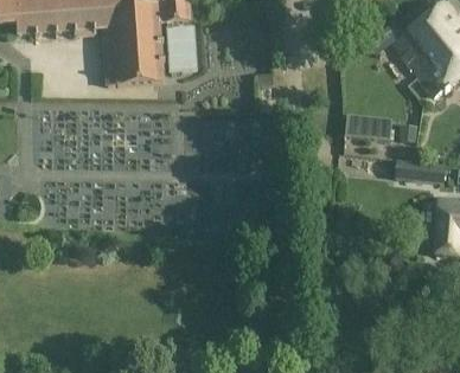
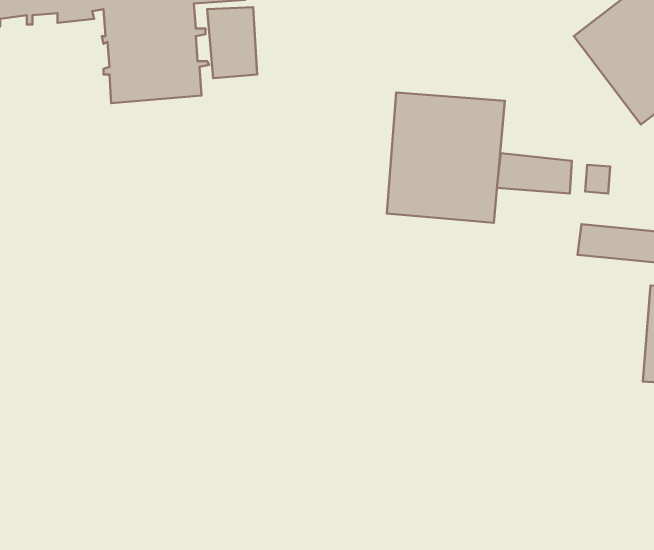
building: none -> [387,93,505,223]

